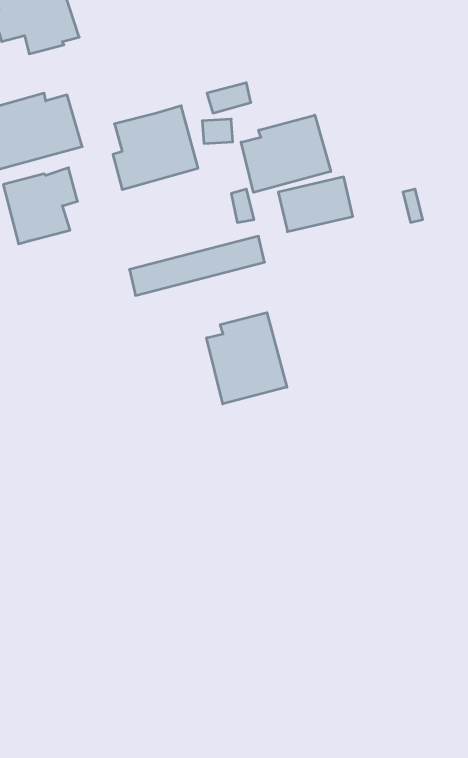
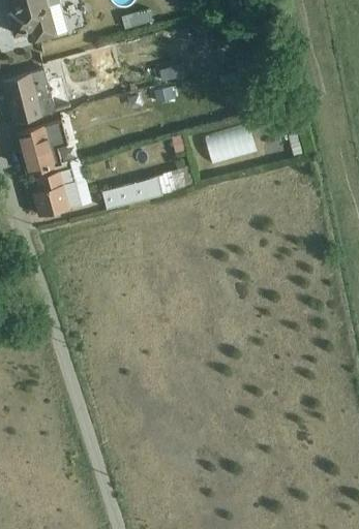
building: [113,106,198,189] -> [32,158,90,215]
building: [241,115,331,192] -> none
building: [207,313,287,404] -> none

